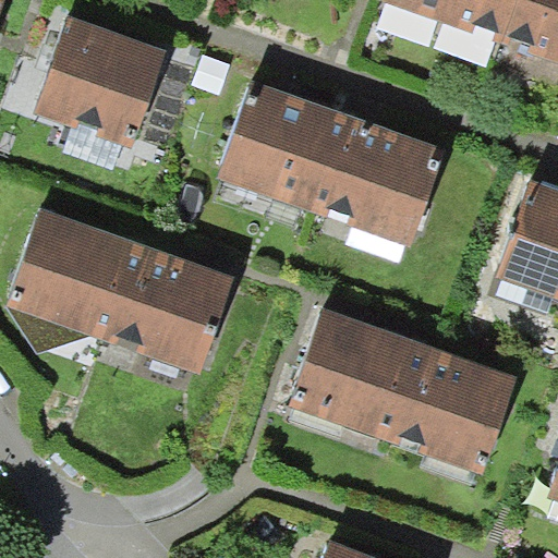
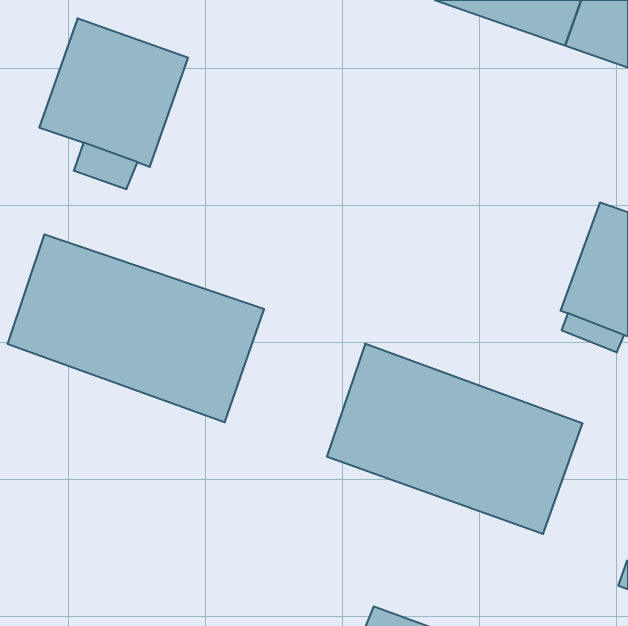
building: [219,81,447,246] -> none

